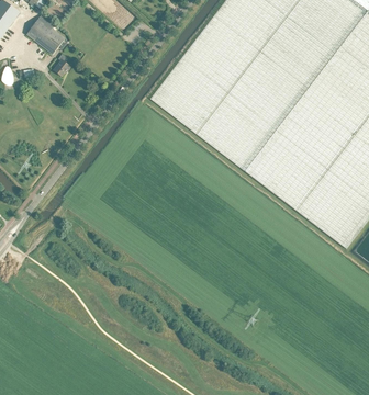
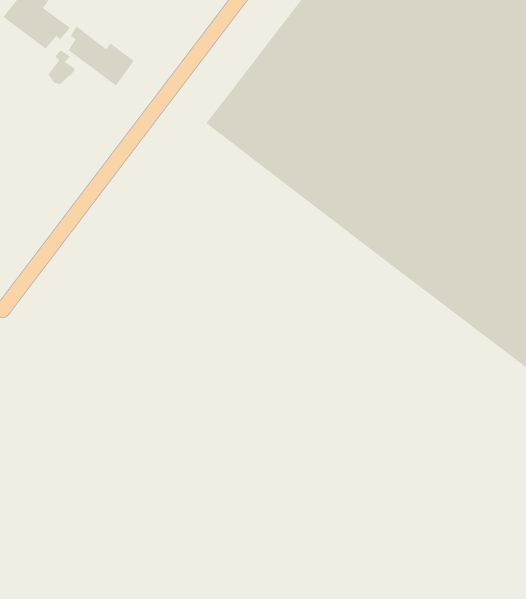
building: none -> [68,26,134,87]

